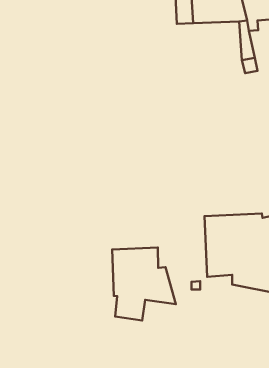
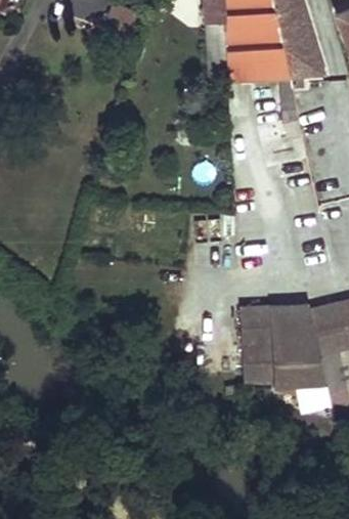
building: [112,248,176,321] -> none

